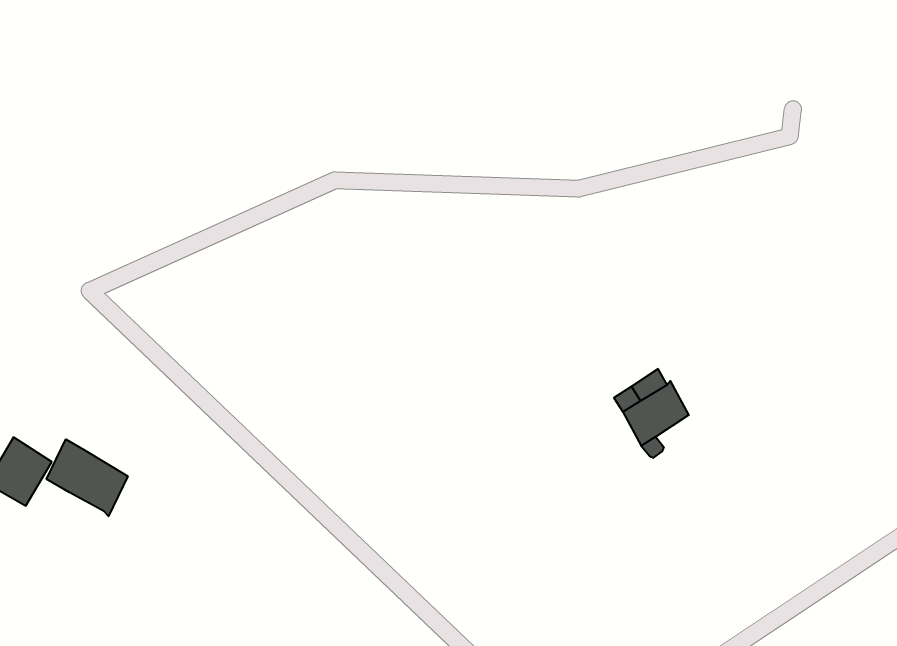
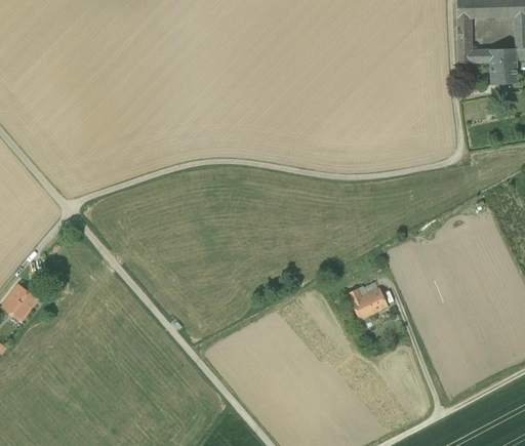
building: [47,439,128,516] -> none

